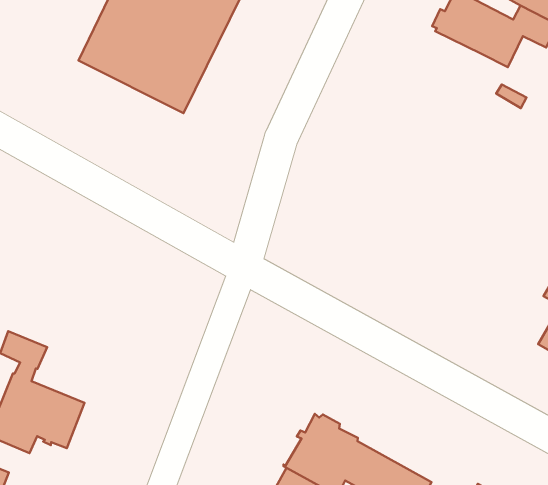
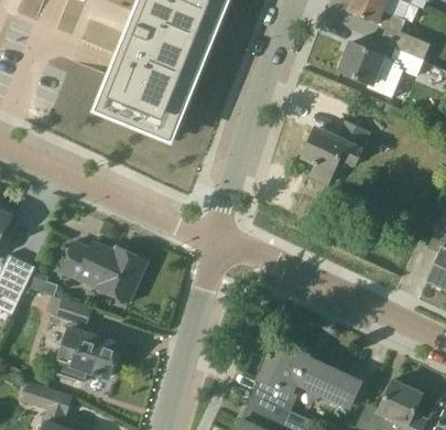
building: none -> [303,120,369,183]
building: none -> [61,240,148,302]

